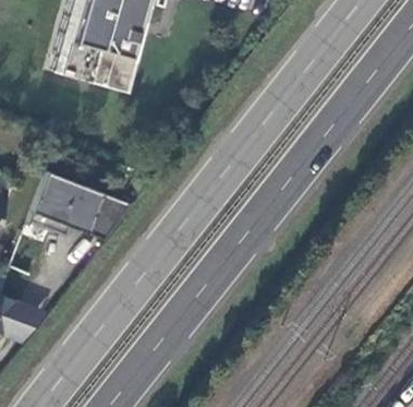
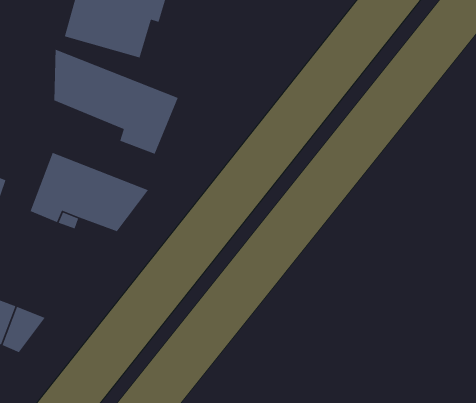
building: none -> [54,48,179,155]

